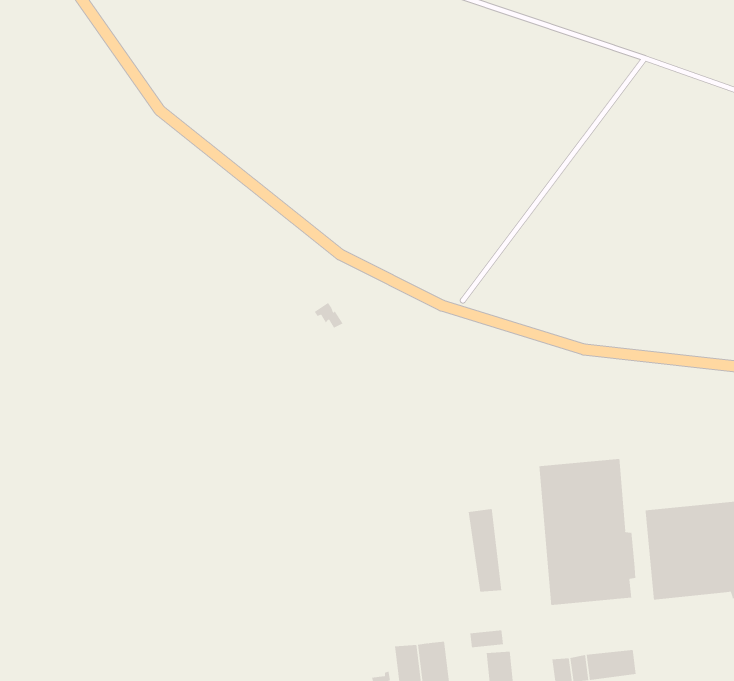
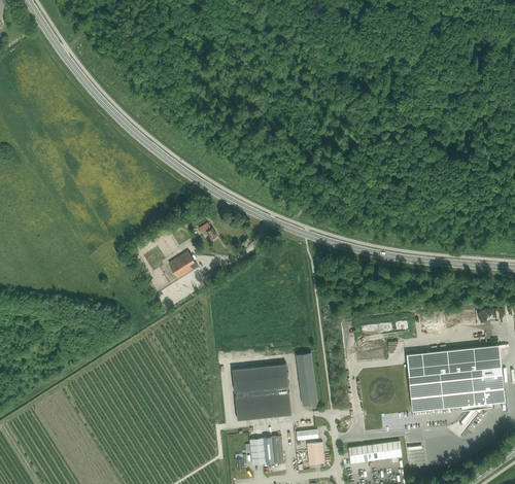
building: none -> [168,251,197,279]
building: [539,458,636,606] -> none
building: none -> [232,364,290,420]

